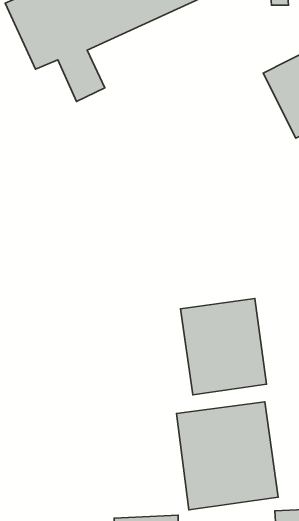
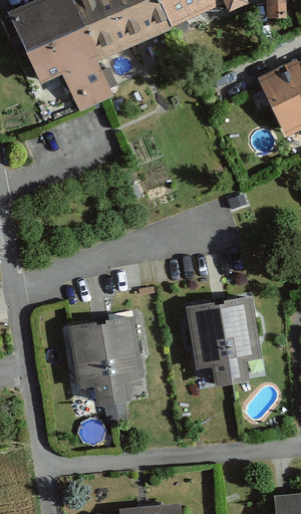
building: none -> [61,314,147,410]
building: [176,402,278,510] -> none

